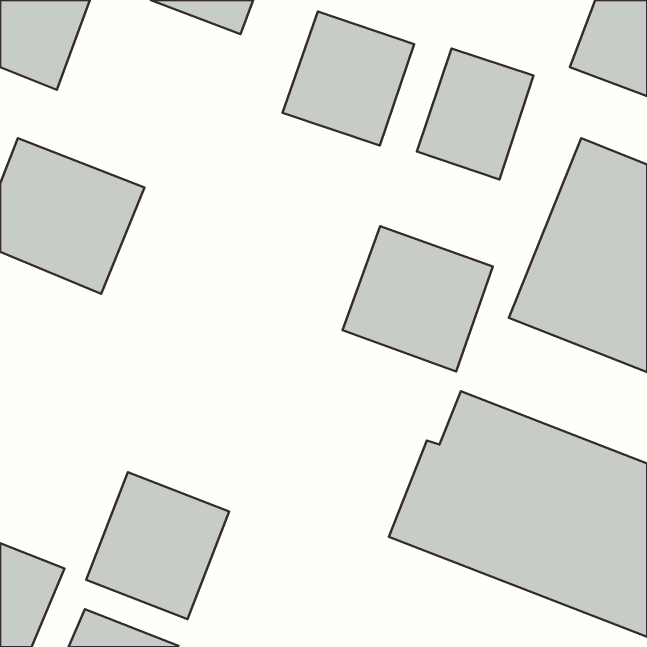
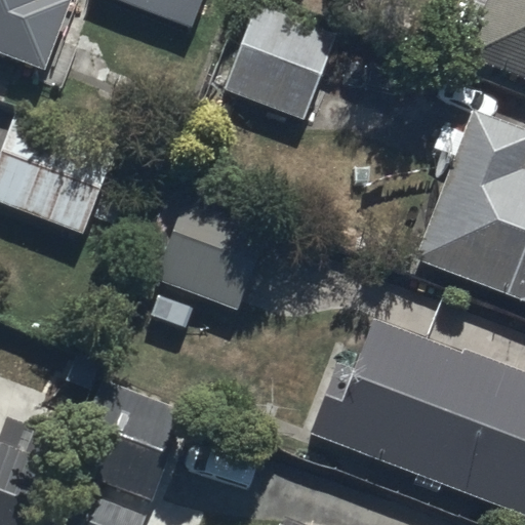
building: [417,48,534,179] -> none
building: [342,226,493,372] -> none
building: none -> [148,186,273,312]

